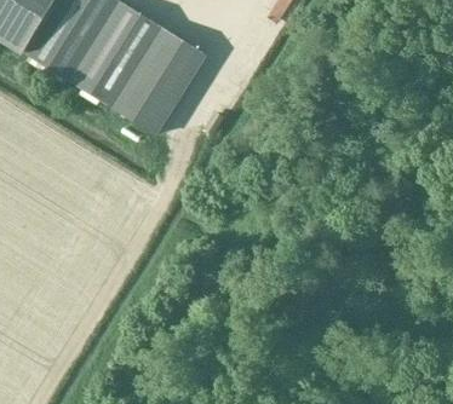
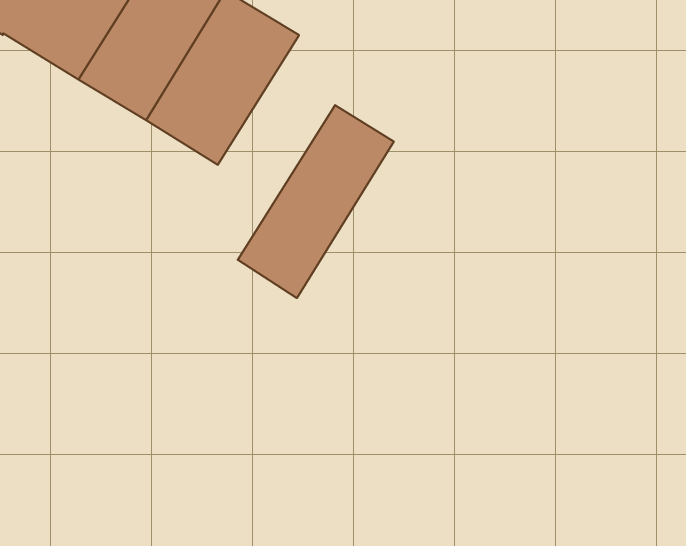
building: none -> [238,105,394,298]

